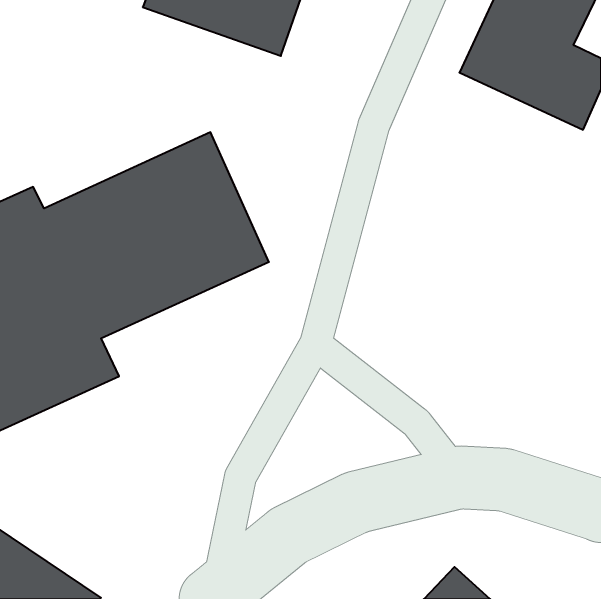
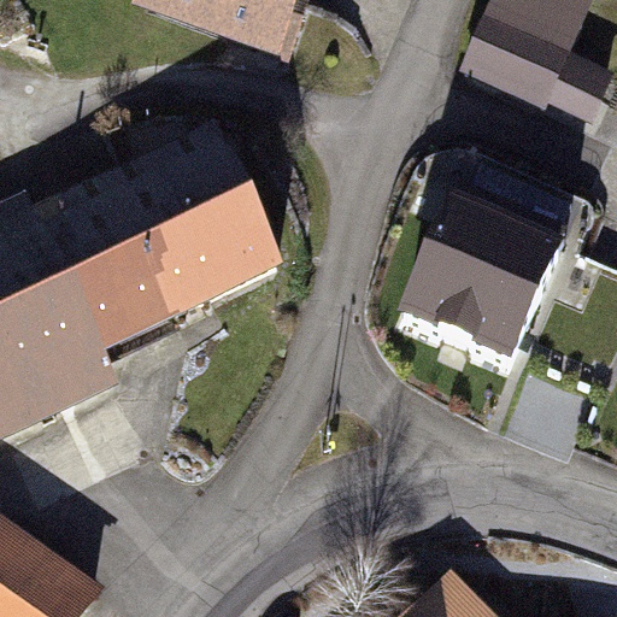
building: none -> [393,200,564,371]

